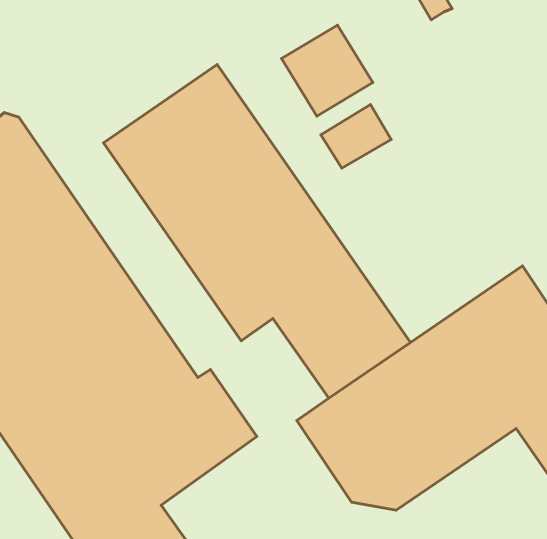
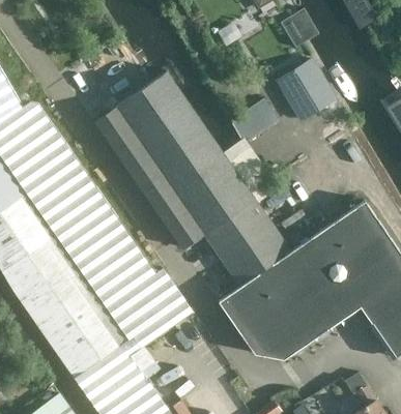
building: [282,25,373,116] -> [278,60,337,119]

